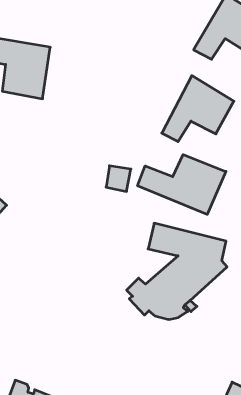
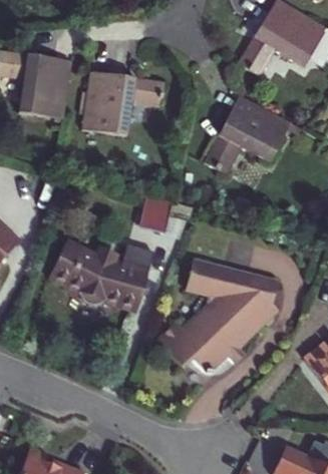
building: none -> [79,69,163,133]
building: [138,155,226,214] -> none
building: none -> [50,244,153,312]

